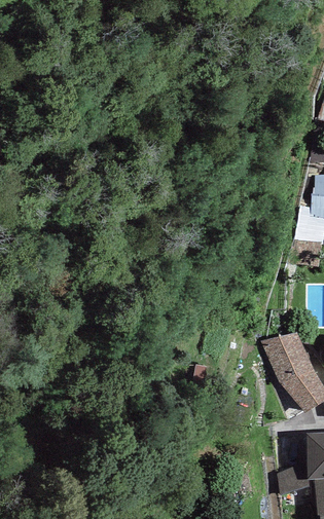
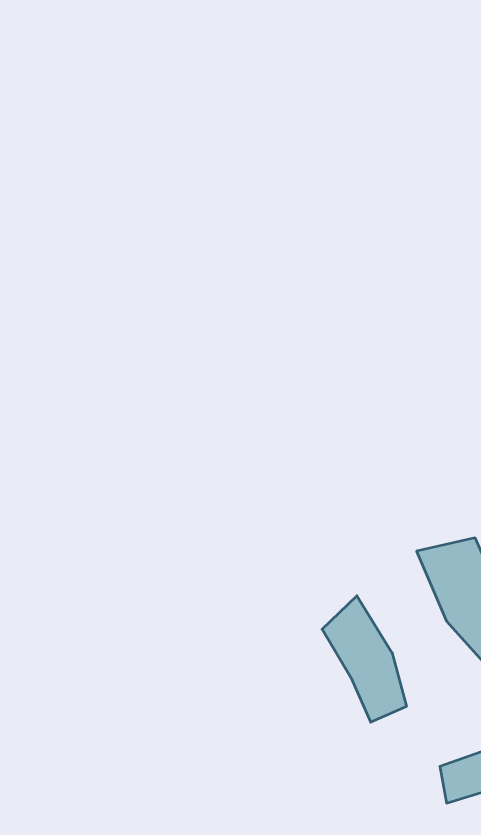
building: none -> [322,596,406,722]

